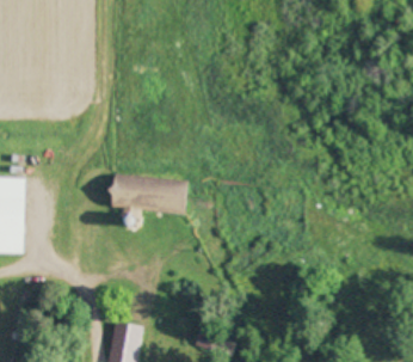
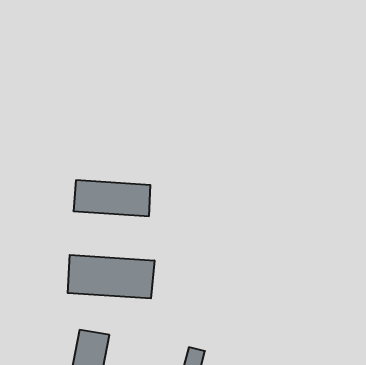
building: none -> [68,255,154,298]

